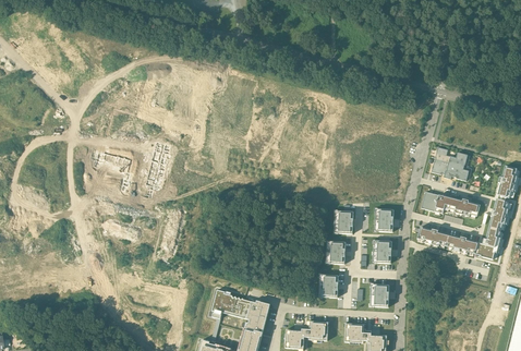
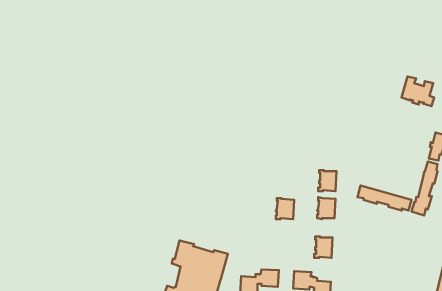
building: [433,147,470,181] -> [402,76,434,106]
building: [436,195,481,216] -> none
building: [334,210,354,234] -> none
building: [318,274,339,298] -> none

